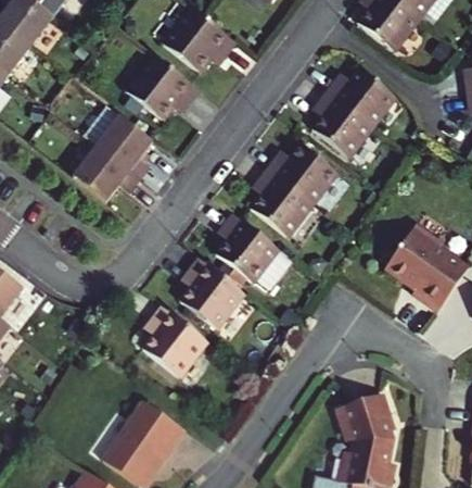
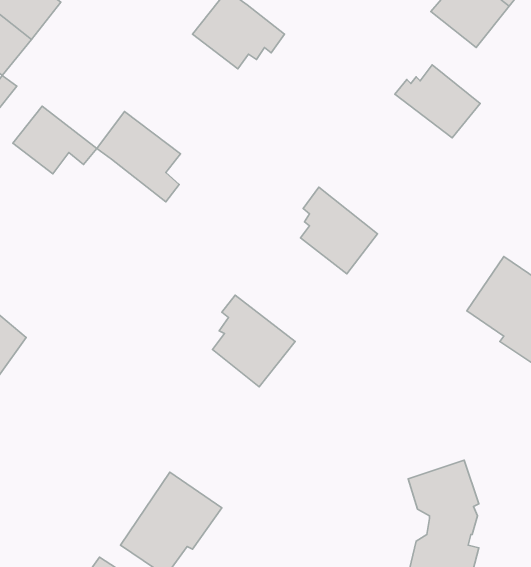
building: [124,54,197,118] -> none
building: [310,91,372,159] -> none
building: [264,143,335,205] -> none
building: [71,145,139,200] -> [13,106,97,174]
building: [213,212,291,286] -> none
building: [139,303,206,377] -> none

